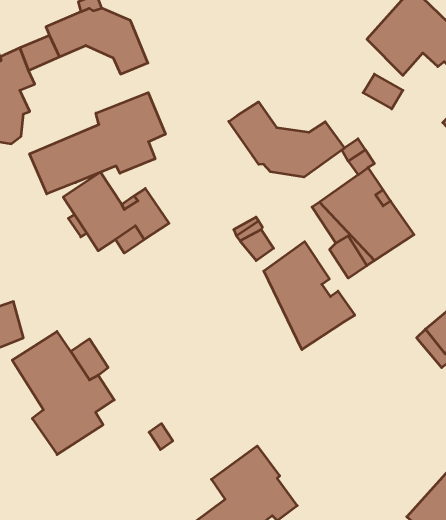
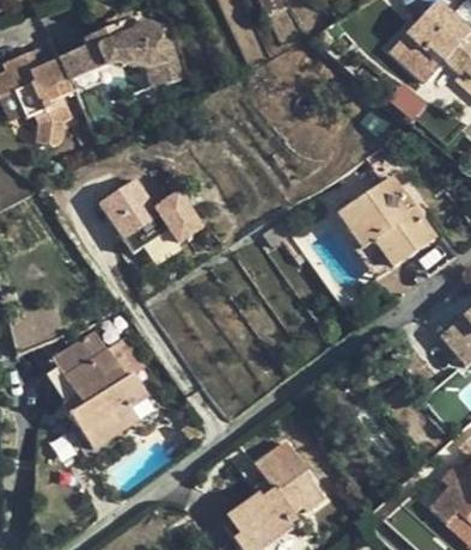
building: [30,93,165,194] -> none
building: [229,102,344,177] -> none
building: [264,242,355,350] -> none

